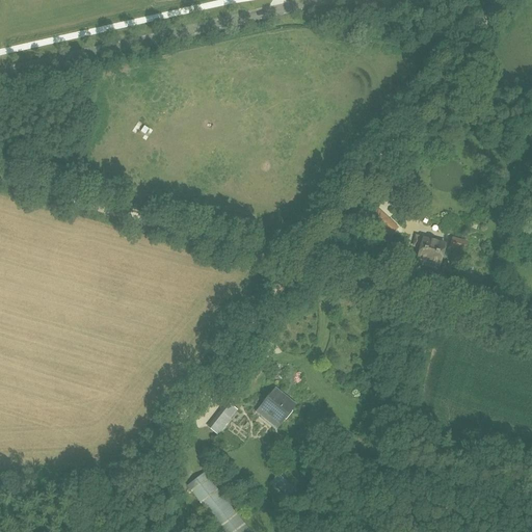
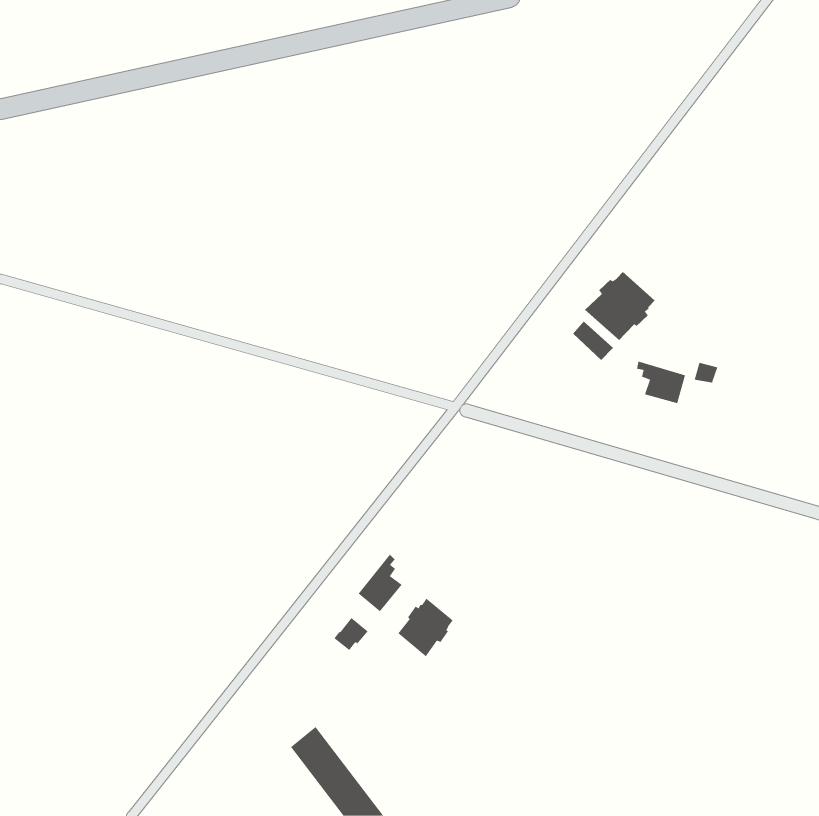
building: none -> [584,271,656,341]
building: none -> [358,554,402,612]

